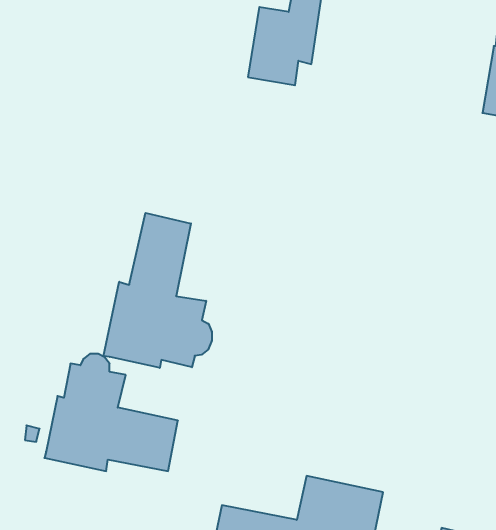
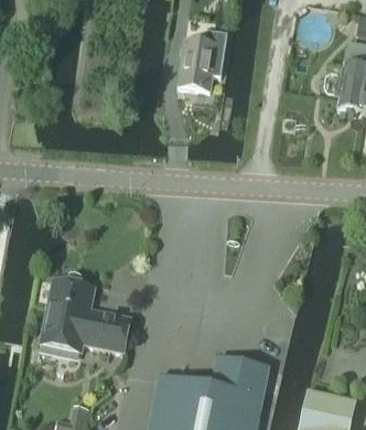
building: [104,213,212,368] -> none

